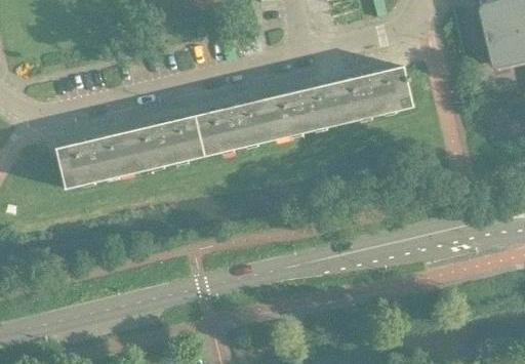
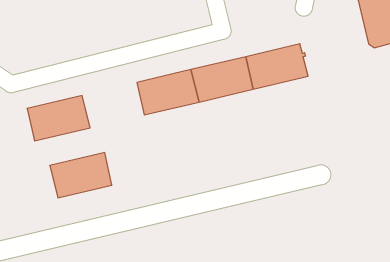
building: [126,114,205,171] -> [50,153,112,198]

